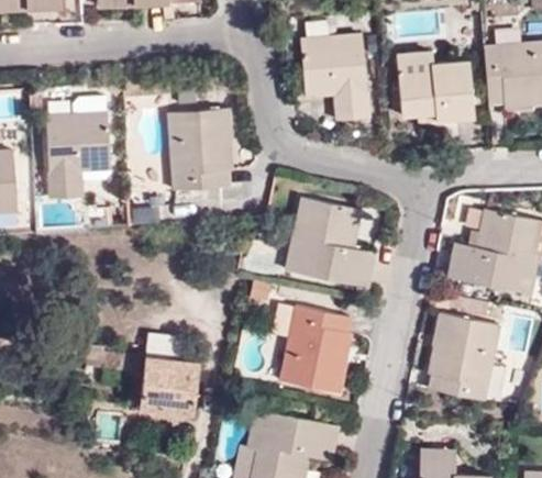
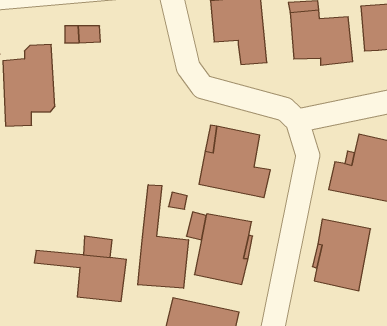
building: [168,110,231,189] -> none
building: none -> [138,185,188,288]

